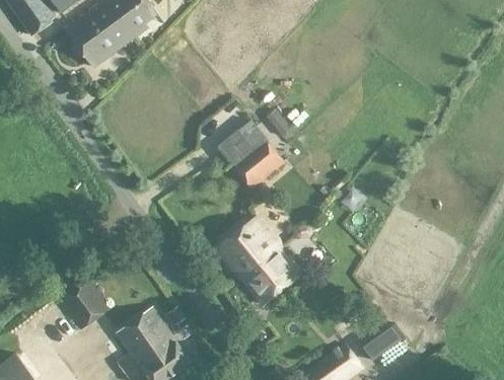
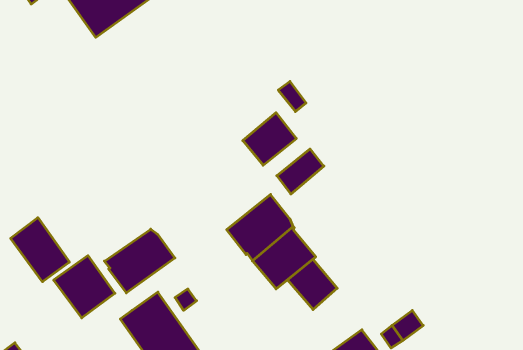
building: [219,121,264,163] -> [277,149,324,194]
building: none -> [11,218,69,282]
building: none -> [104,229,175,293]
building: none -> [287,259,337,310]

